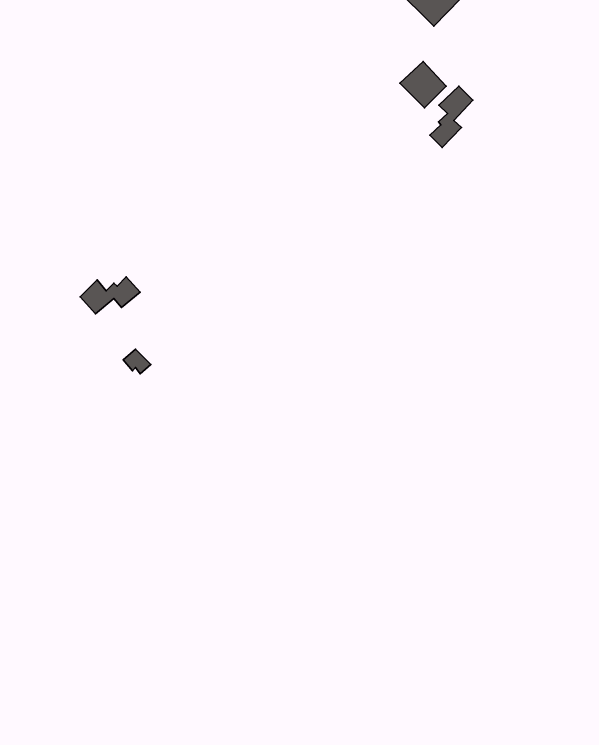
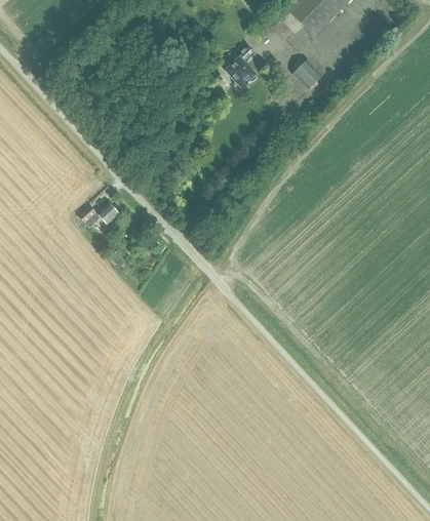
building: none -> [225,44,256,86]
building: [430,86,473,148] -> none

